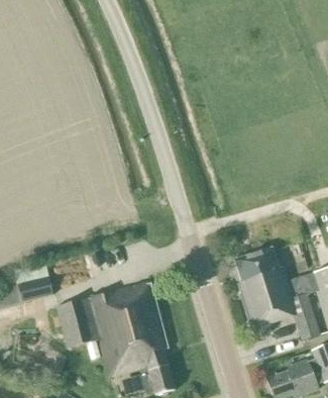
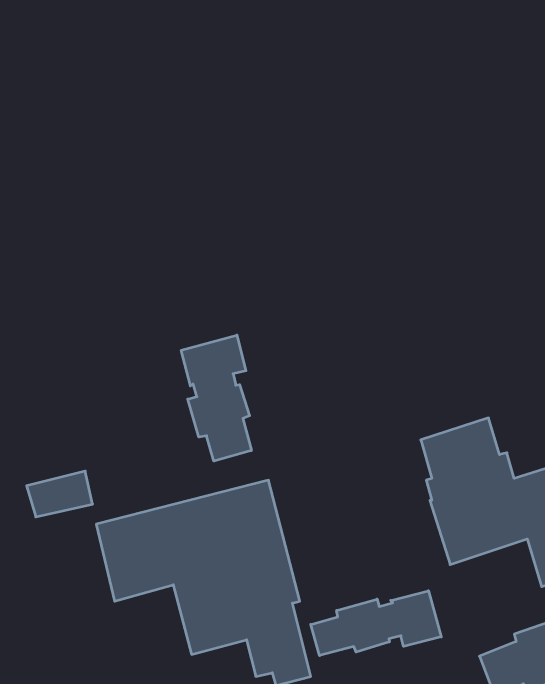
building: none -> [181,335,251,461]
building: none -> [311,591,441,656]

